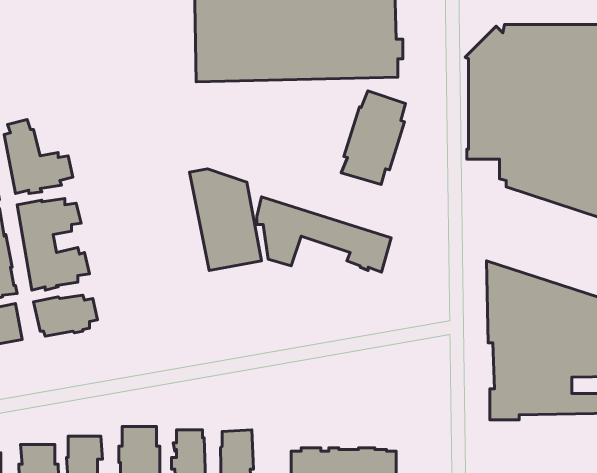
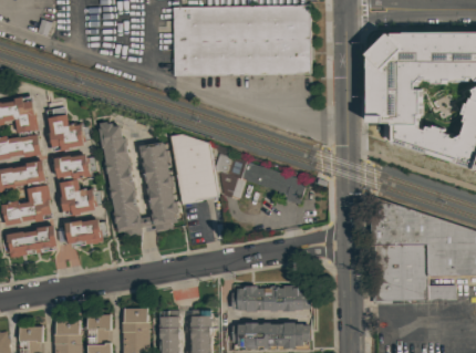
building: [341,91,406,185] -> none
building: none -> [100,122,179,238]
building: none -> [232,283,310,312]

